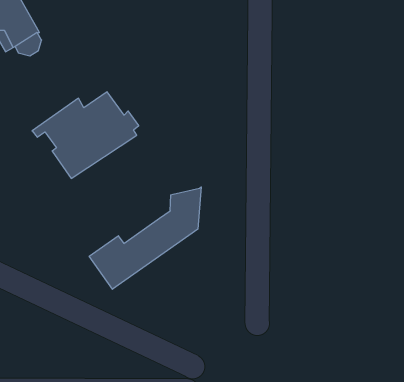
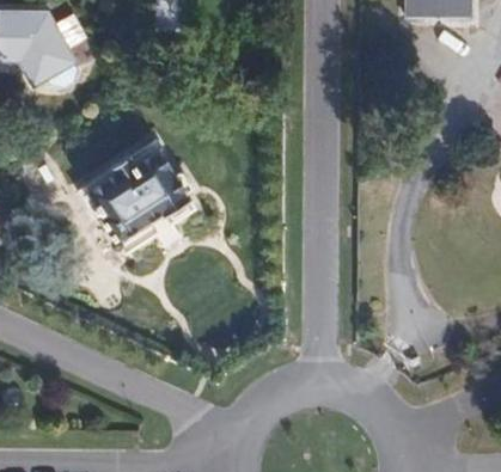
building: [89,187,201,289] -> none

